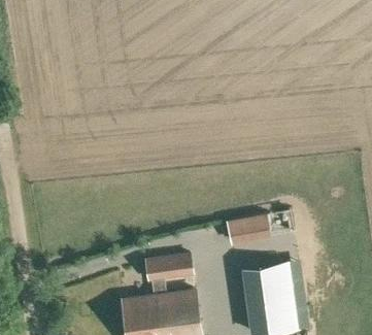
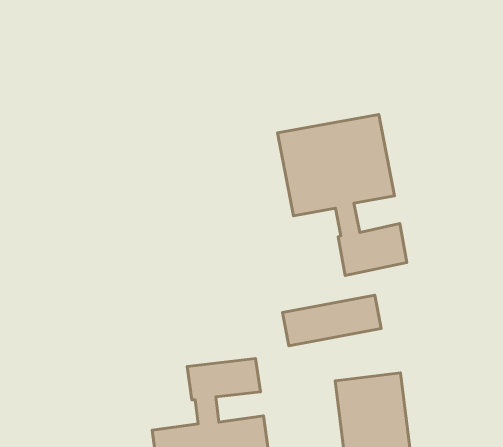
building: none -> [278,115,407,276]

